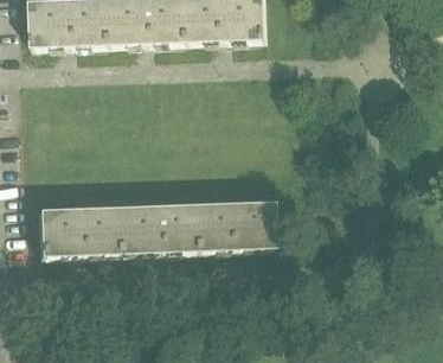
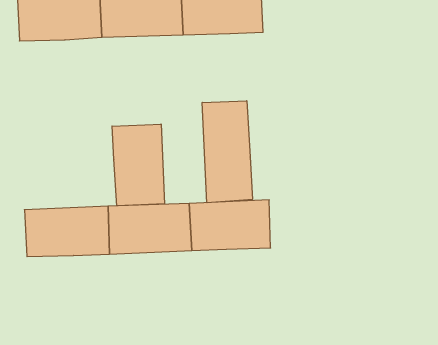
building: none -> [202,101,252,203]
building: none -> [112,124,165,206]

